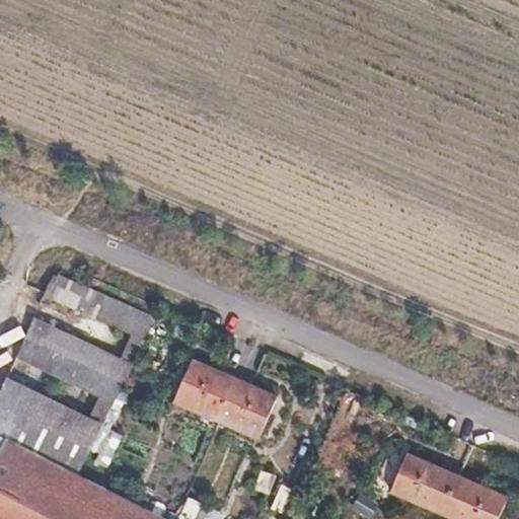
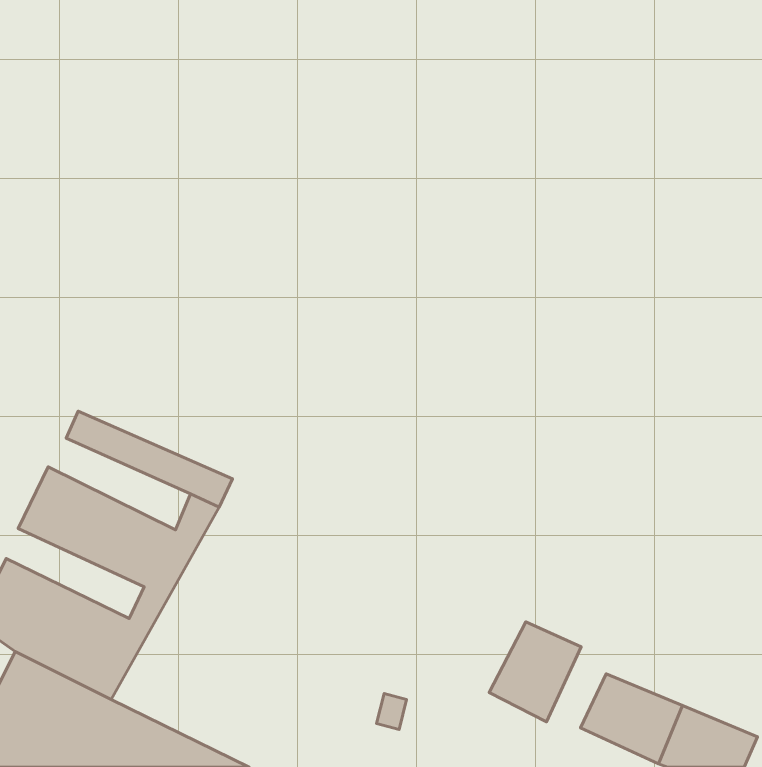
building: [172,360,274,437] -> none
building: none -> [489,622,581,722]

